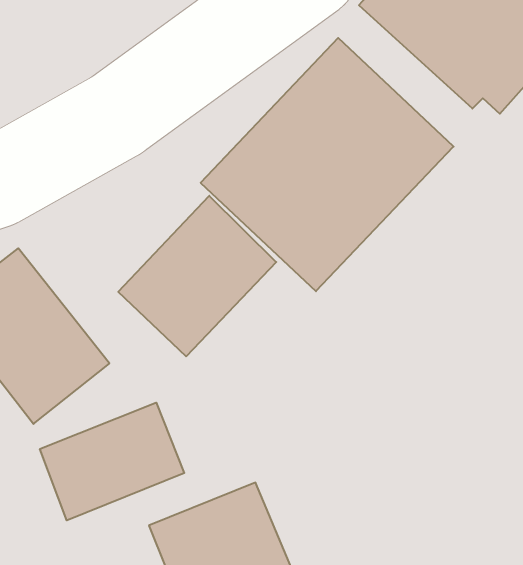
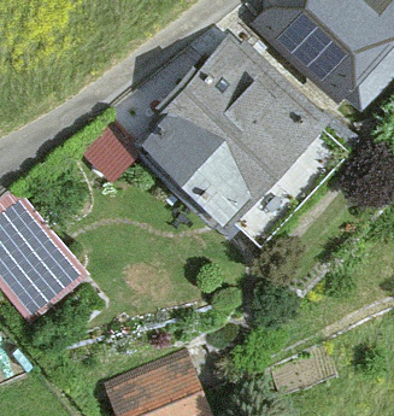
building: [118,196,276,356] -> none
building: [40,403,184,520] -> none

